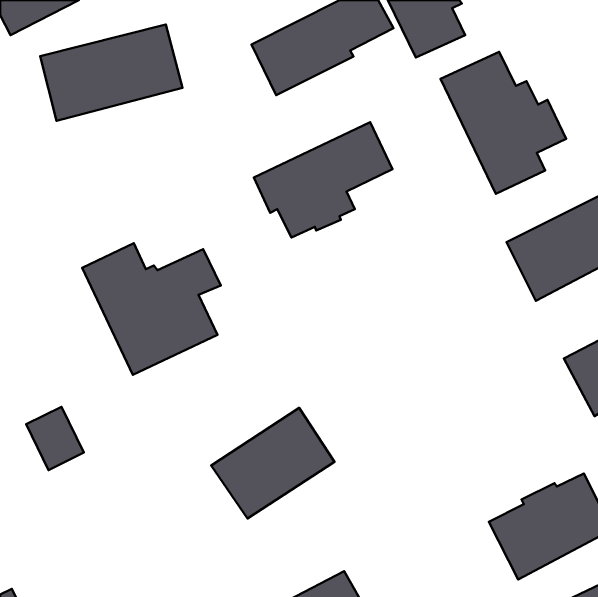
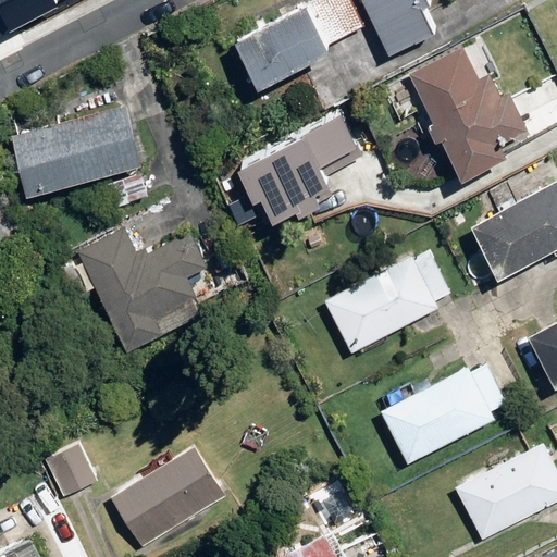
building: [40,25,182,121] -> [11,109,143,198]
building: none -> [324,252,451,352]
building: none -> [380,366,507,462]
building: [26,407,84,470] -> [44,438,97,497]
building: [211,408,334,518] -> [111,443,225,545]

